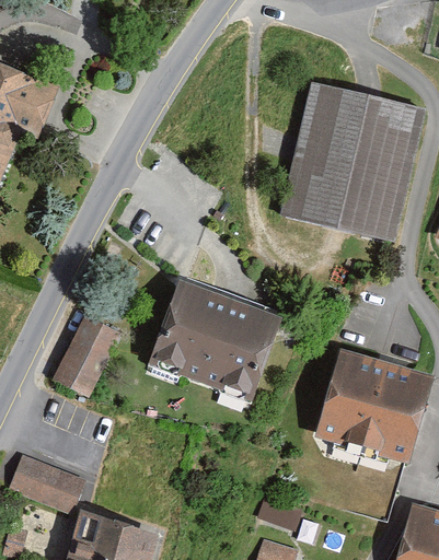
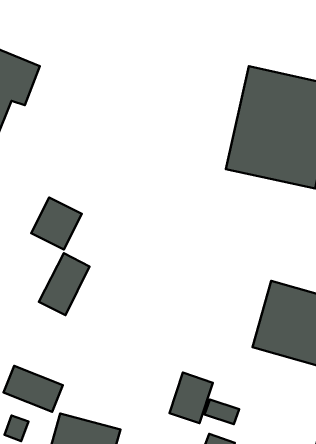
building: none -> [31,197,82,250]
building: [151,280,280,396] -> none
building: none -> [169,373,213,423]

